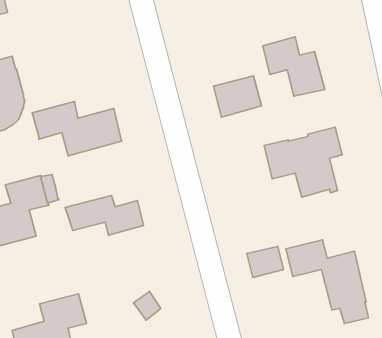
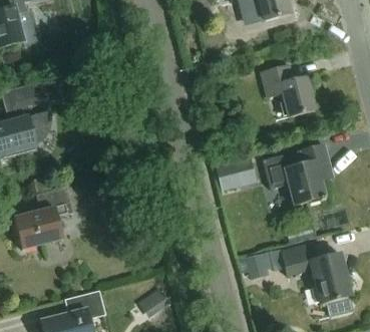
building: [213,76,261,117] -> [214,155,256,192]
building: [32,101,121,156] -> none
building: [65,196,143,235] -> none

